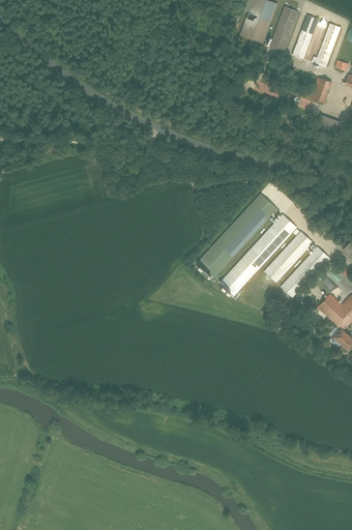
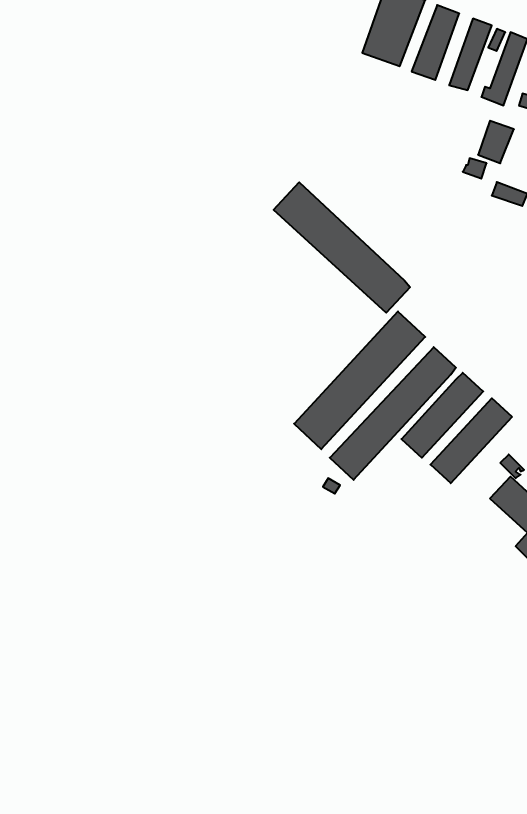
building: none -> [274,182,410,313]

